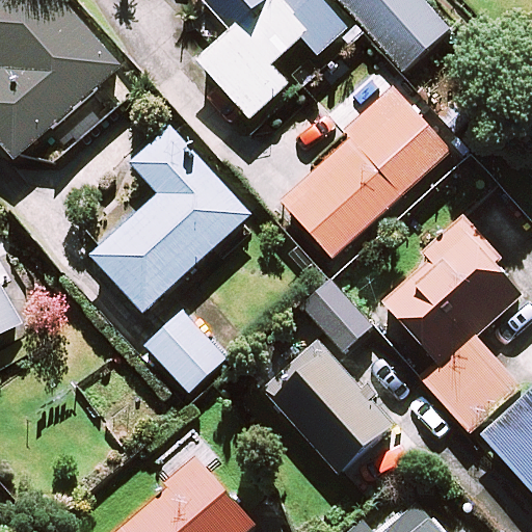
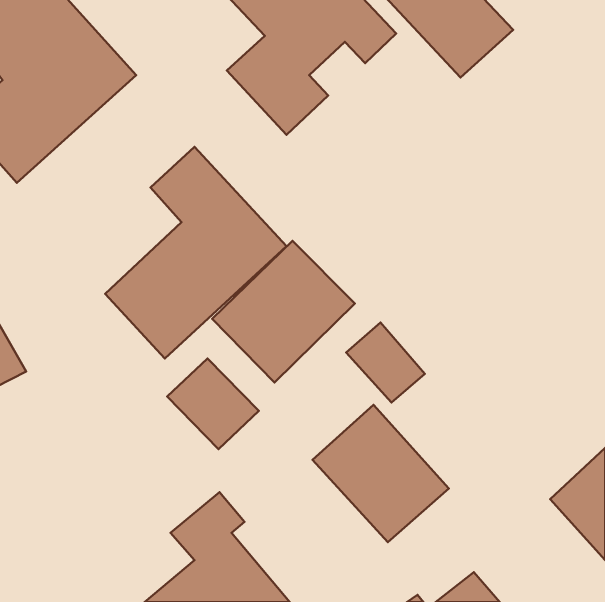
building: [280,85,452,256] -> none
building: none -> [212,241,355,383]
building: [376,229,518,429] -> none

